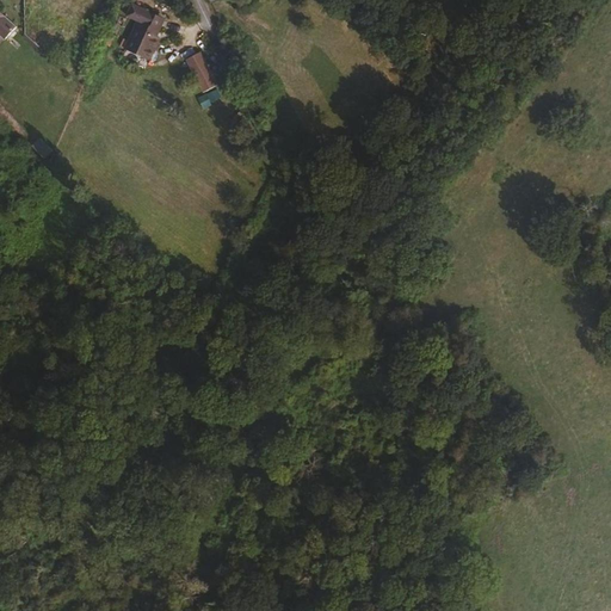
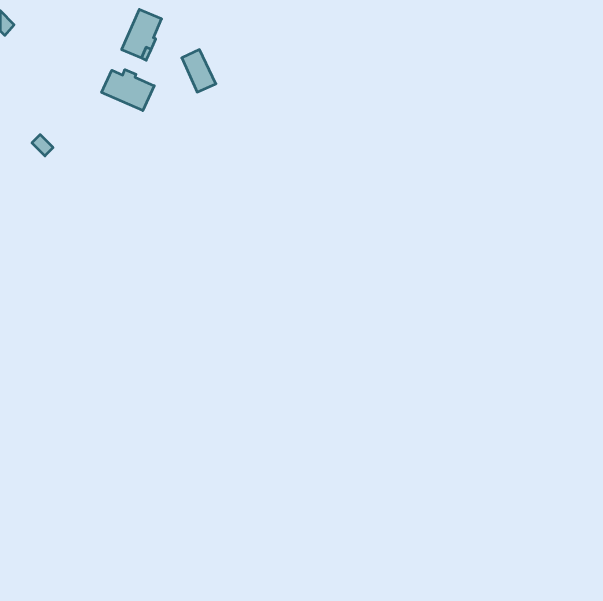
building: none -> [102,70,154,111]

